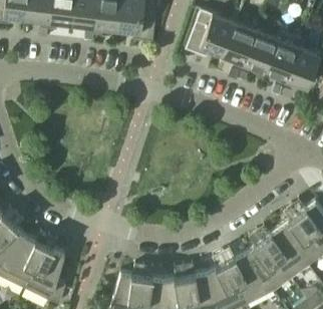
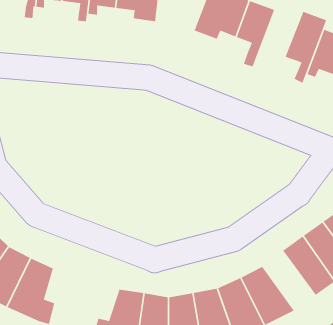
building: [242,31,281,73] -> none
building: [246,240,292,292] -> none

